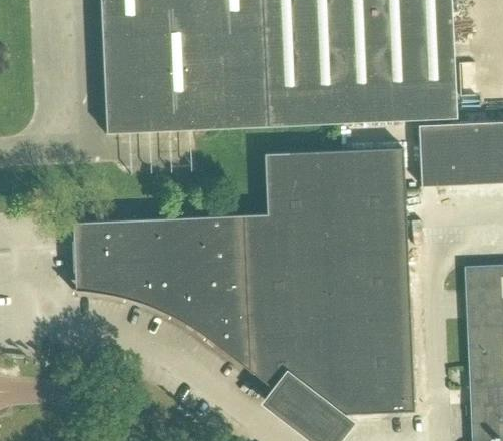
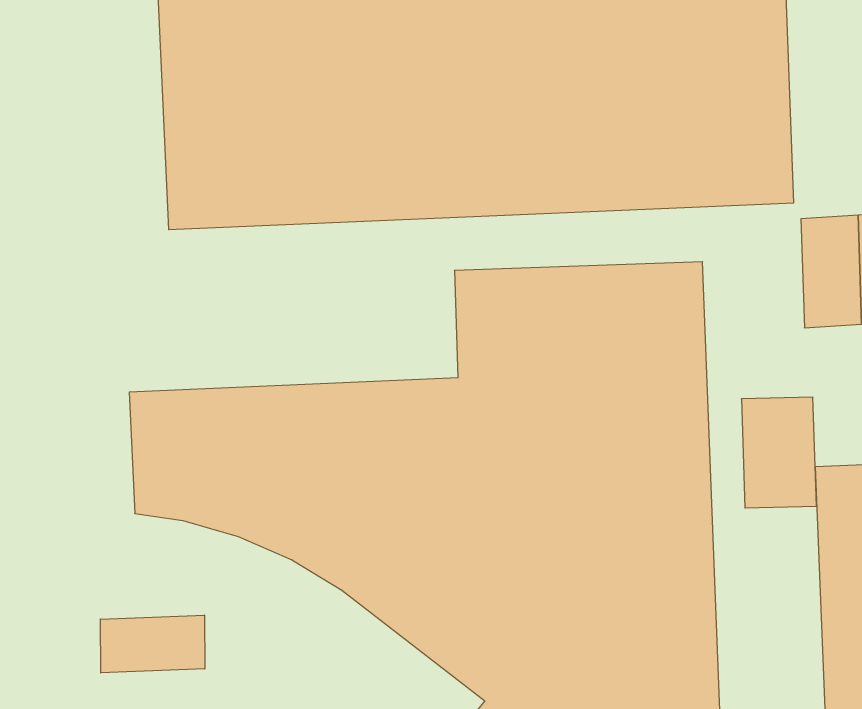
building: [418,124,460,186] -> [741,397,816,508]
building: none -> [100,615,205,673]

